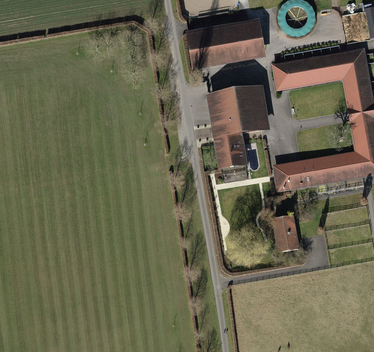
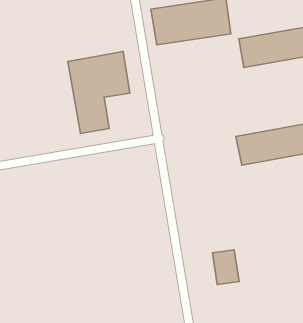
building: [205,88,268,171] -> [68,52,130,134]
building: [272,217,299,252] -> [212,250,239,284]

